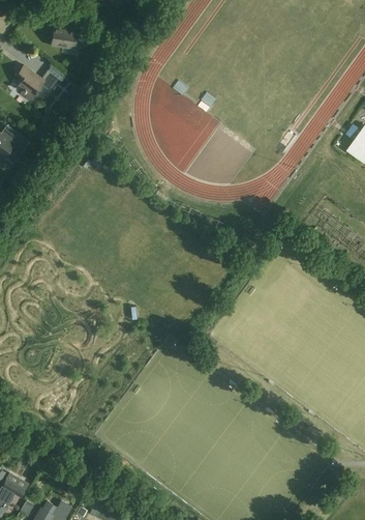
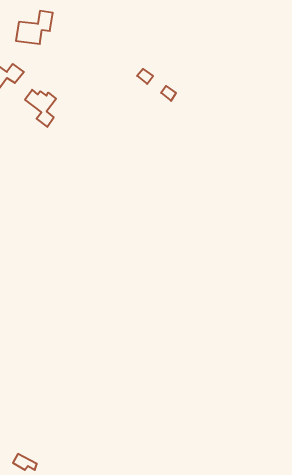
building: none -> [25,90,56,127]

